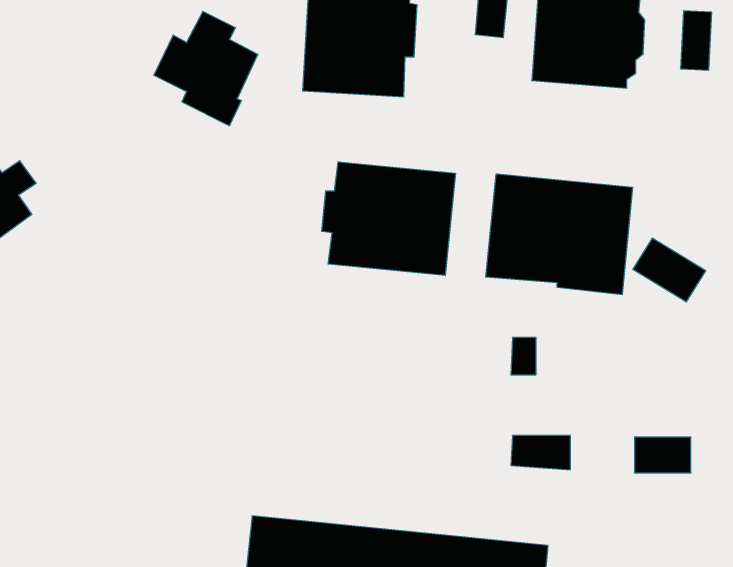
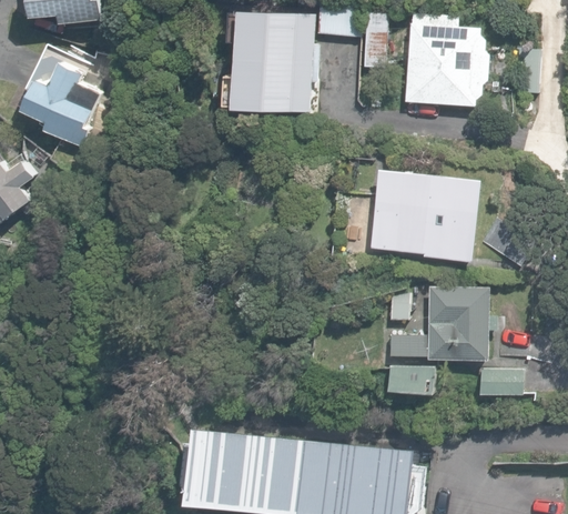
building: [154,11,258,126] -> [23,63,101,149]
building: [322,162,455,276] -> none
building: none -> [389,288,495,361]

